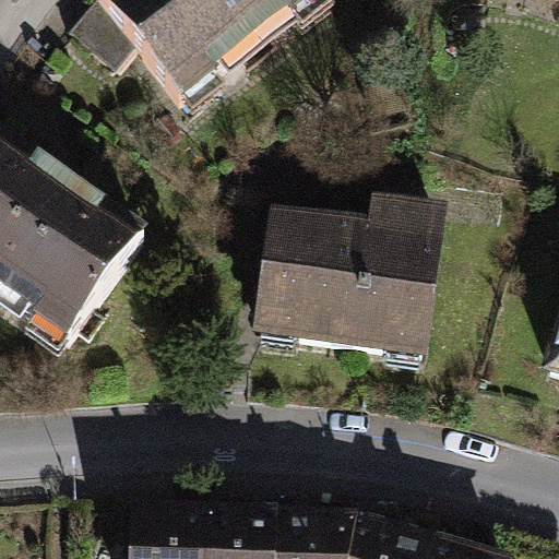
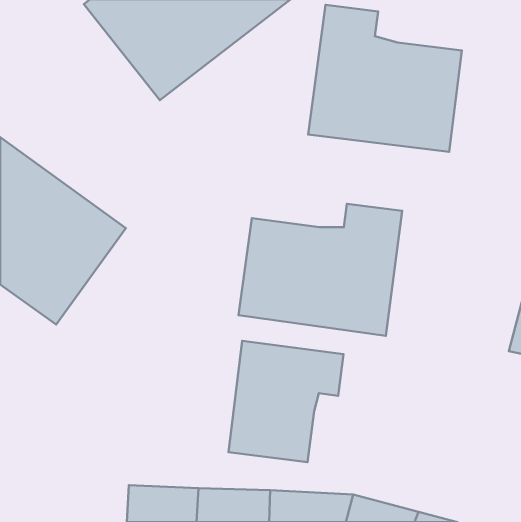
building: none -> [308,5,462,152]
building: none -> [229,341,344,462]

